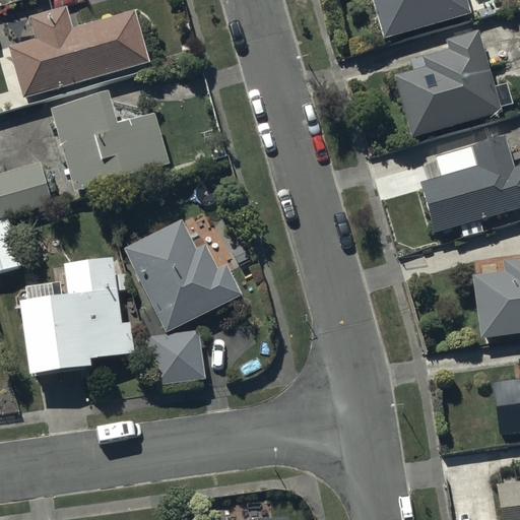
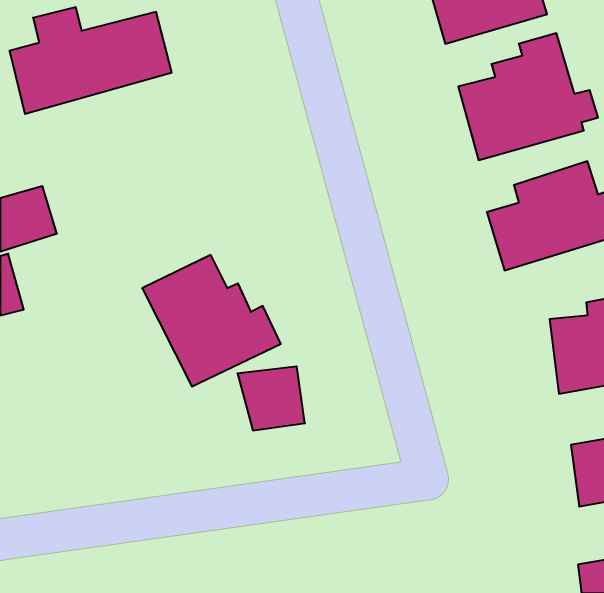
building: [51,93,168,191] -> none
building: [18,255,137,377] -> none
building: [147,328,205,383] -> [237,366,305,430]

